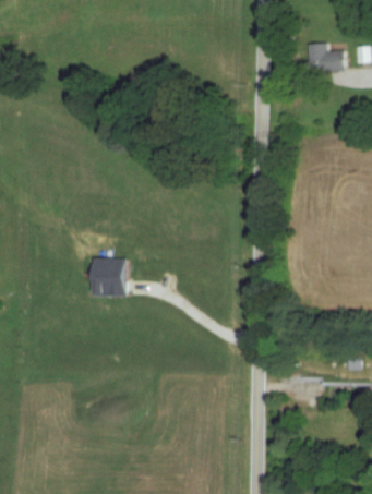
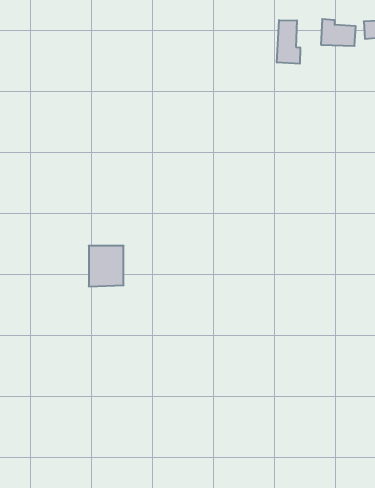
building: none -> [277,20,300,64]

